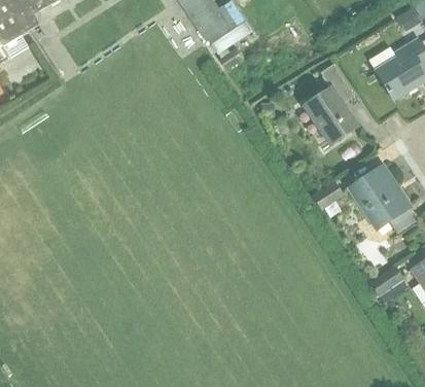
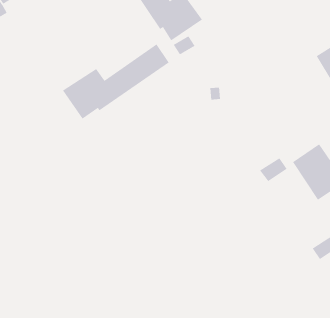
building: none -> [62,44,170,120]
building: [304,63,357,143] -> none

